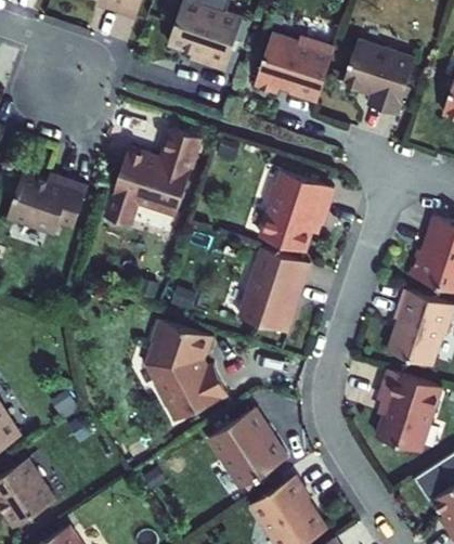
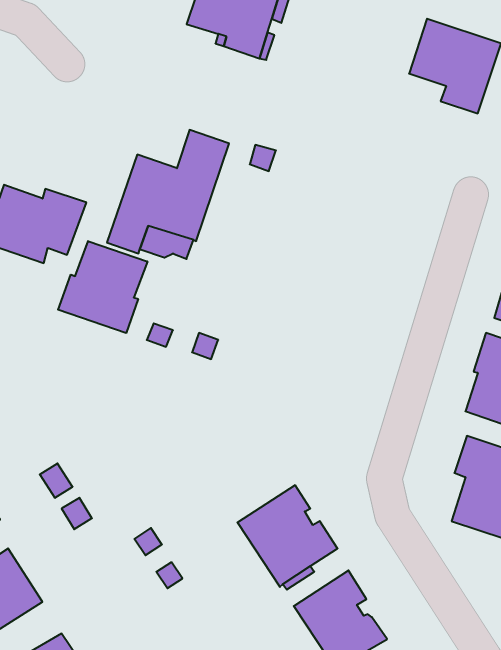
building: [254,35,335,103] -> none
building: [260,171,333,251] -> none
building: none -> [58,241,147,333]
building: [238,247,309,333] -> none
building: [148,320,225,419] -> none

